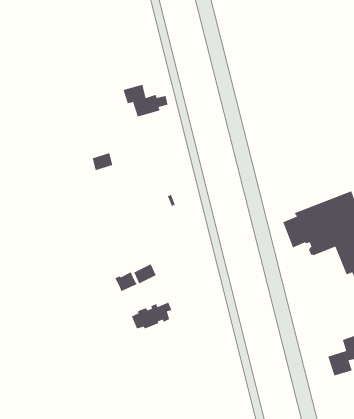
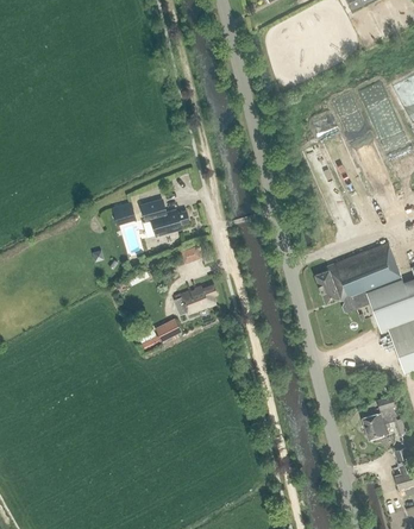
building: [123,84,169,118] -> [140,199,189,234]
building: [131,302,172,330] -> [174,284,218,314]

